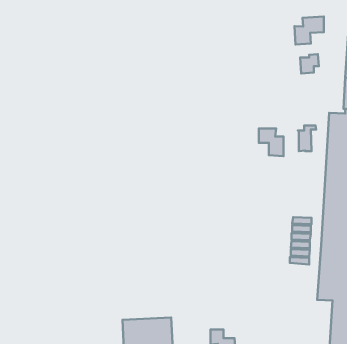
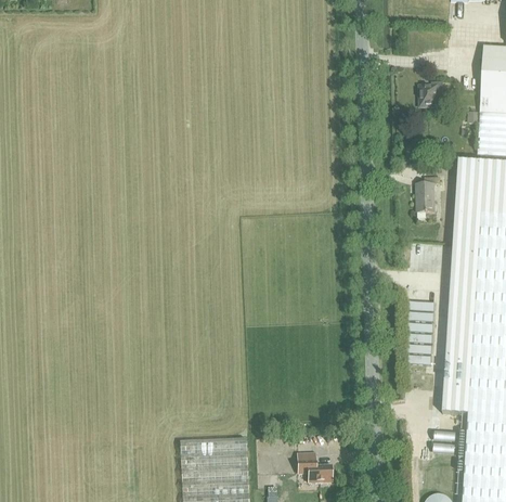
building: [294,17,324,44] -> none
building: [259,128,283,156] -> none

